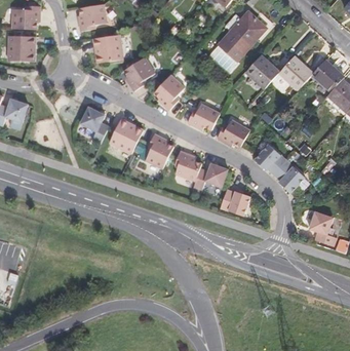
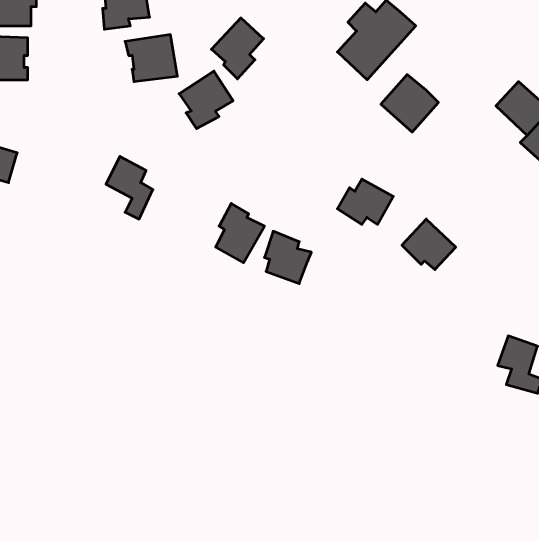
building: [276,56,311,90] -> none
building: [153,73,184,109] -> [211,18,264,79]
building: [187,102,220,127] -> none
building: [109,117,143,152] -> none
building: [274,158,305,190] -> none
building: [193,161,227,188] -> none
building: [220,188,249,215] -> none

